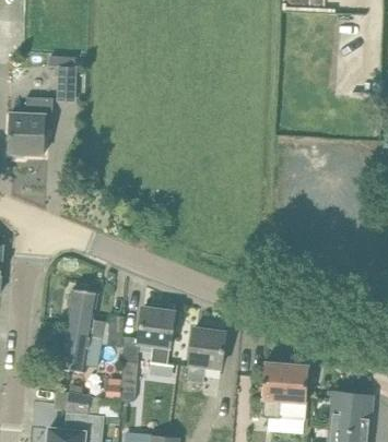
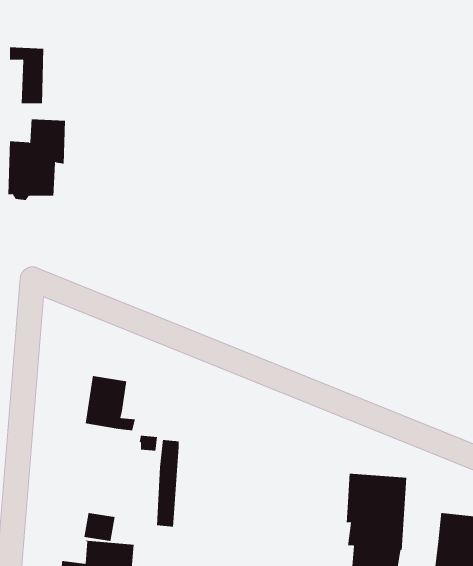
building: [49,58,75,100] -> [9,47,44,104]
building: [138,308,174,365] -> none
building: [59,325,103,372] -> none
building: [187,328,225,383] -> none

